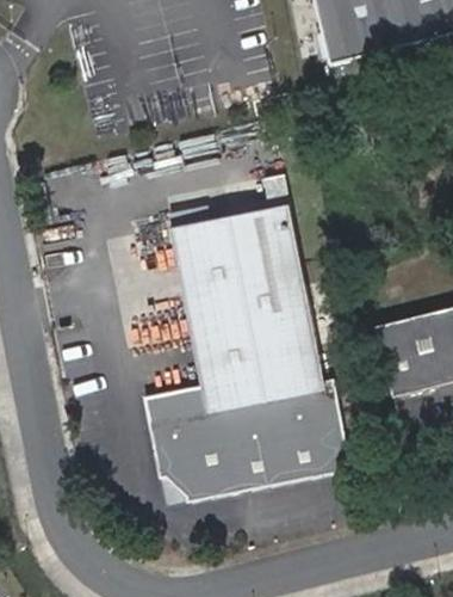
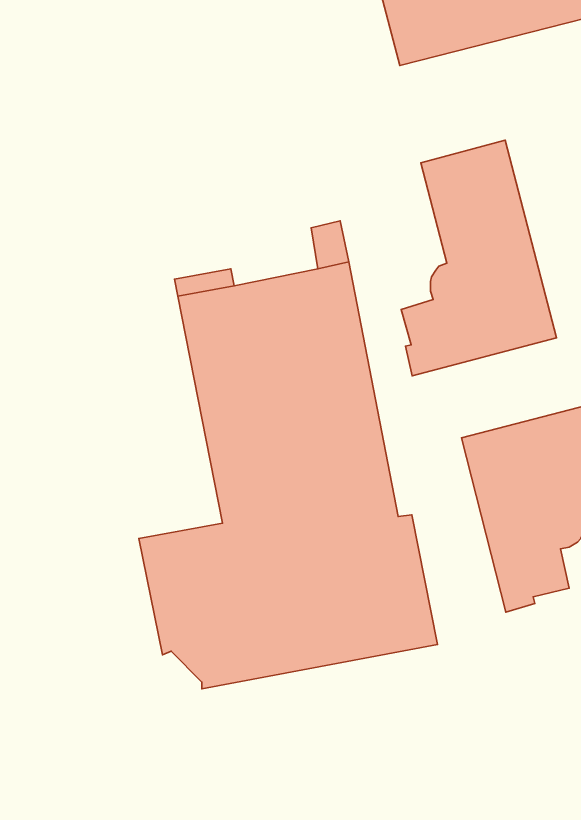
building: none -> [401,140,556,376]

